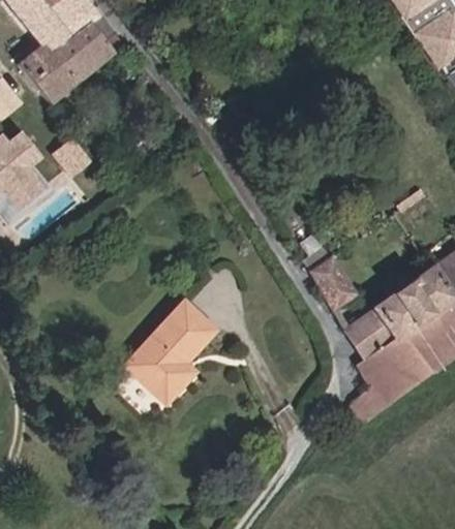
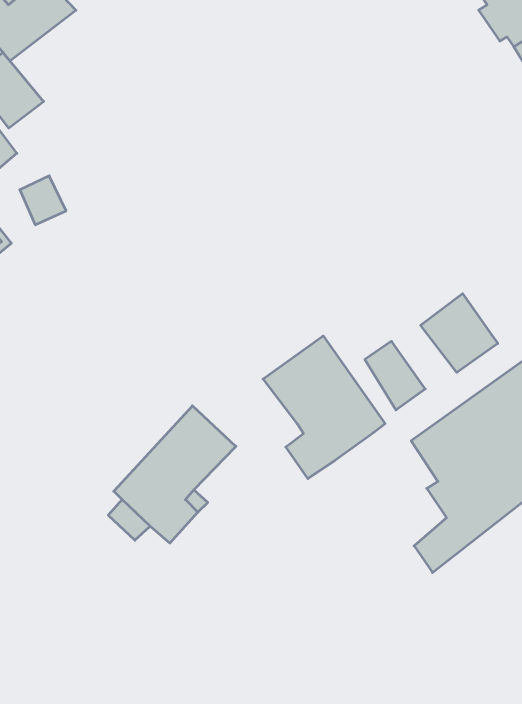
building: [49,9,124,80] -> none
building: none -> [421,294,498,372]
building: none -> [263,336,385,479]

